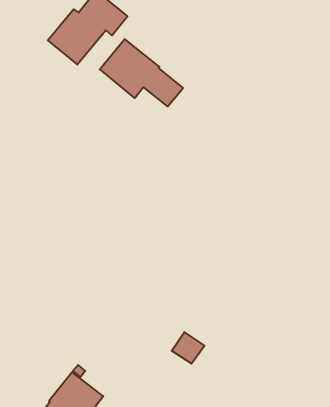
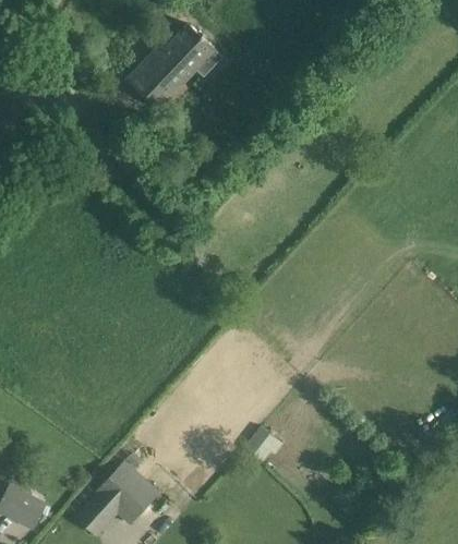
building: [100,39,183,106] -> none

